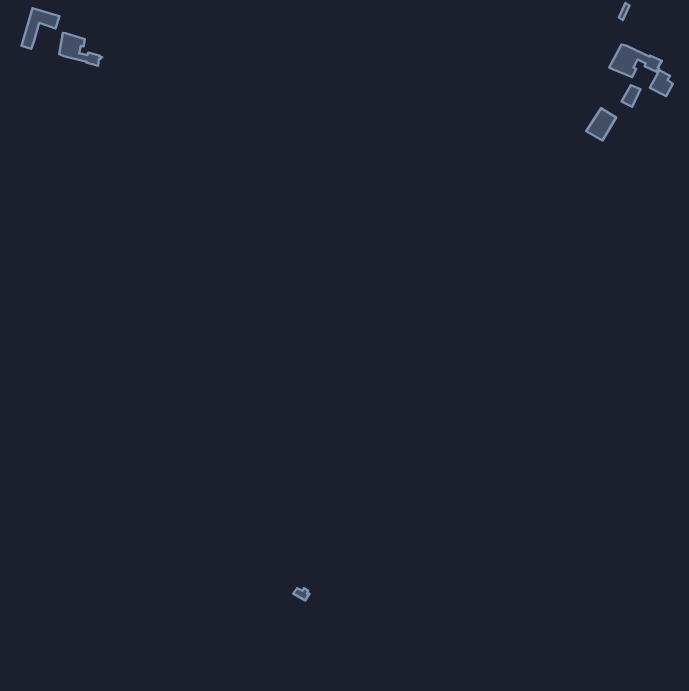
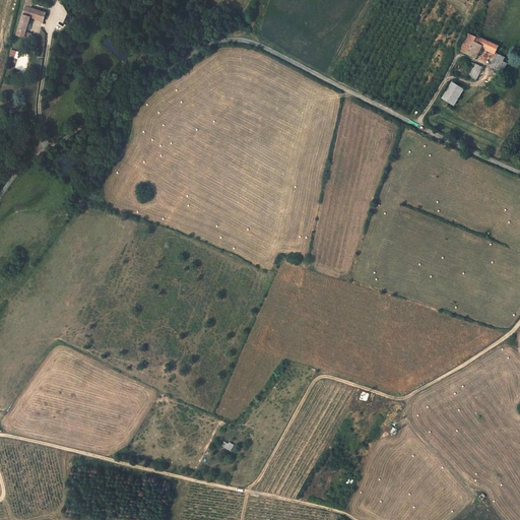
building: [59,33,102,66] -> none

